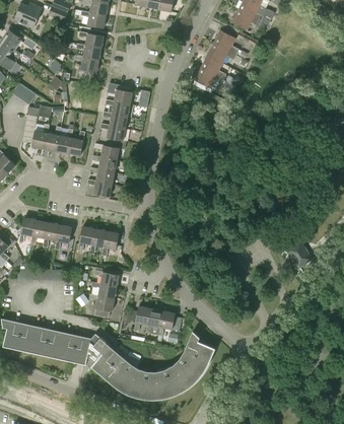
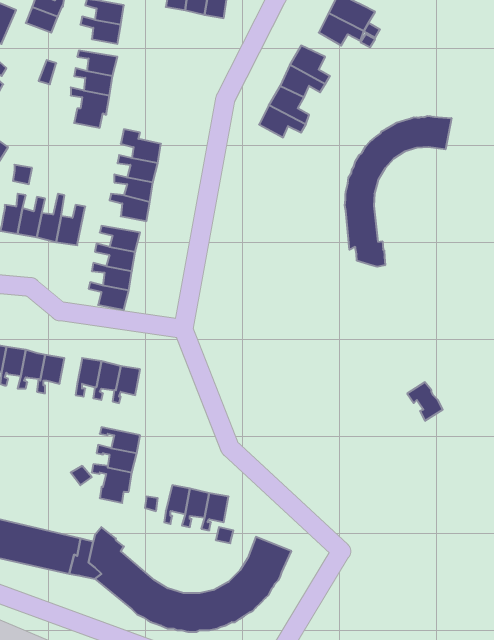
building: none -> [345,116,451,267]

